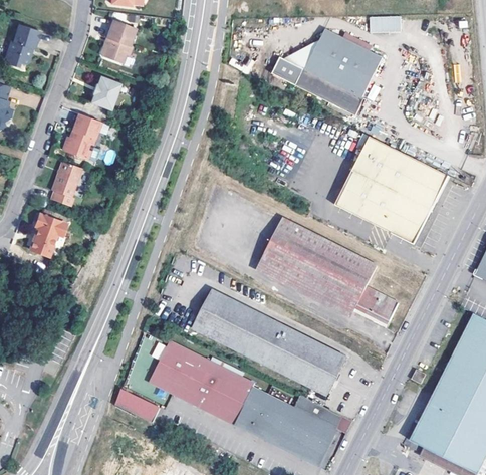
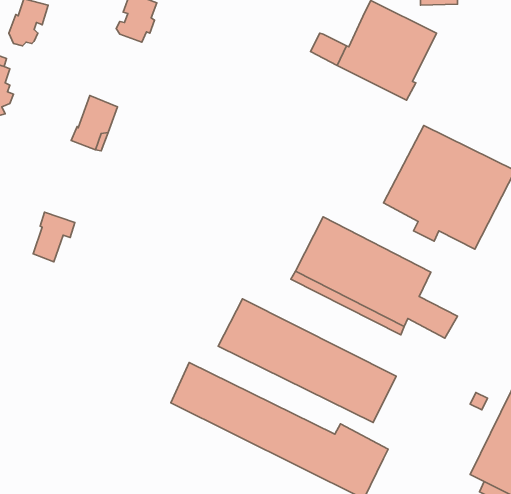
building: [282,39,318,69] -> none
building: [93,77,120,109] -> none
building: [53,161,83,196] -> none
building: [111,389,158,422] -> none

